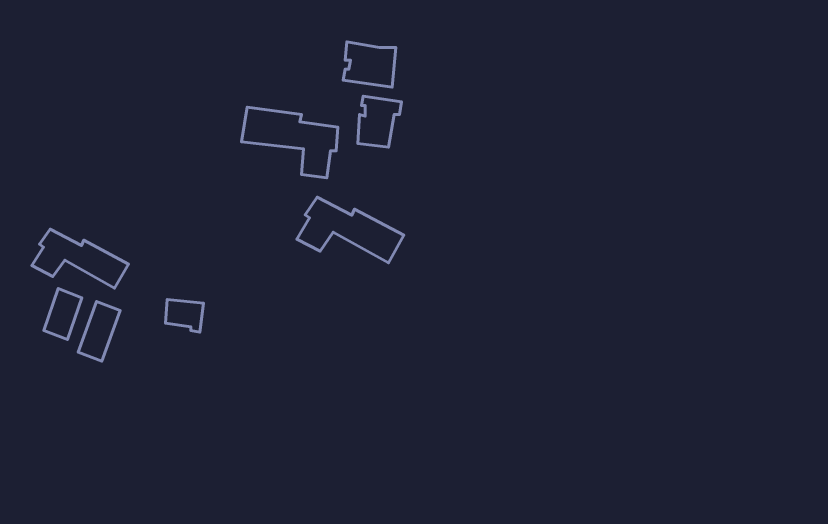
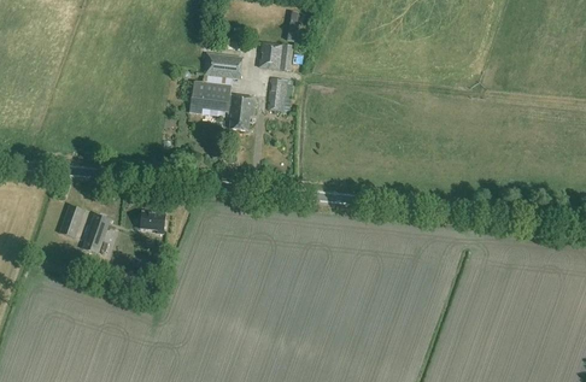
building: none -> [204,52,242,80]
building: [297,197,404,263] -> none
building: [32,229,128,288] -> none

